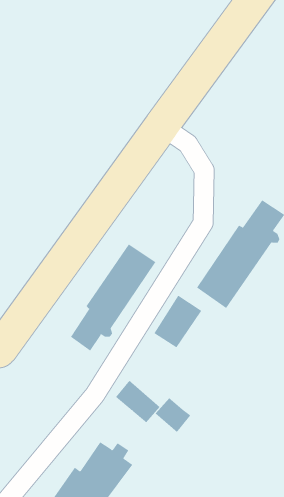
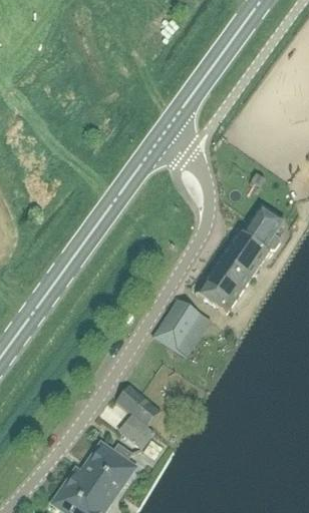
building: [70,244,156,351] -> none
building: [155,397,191,433] -> [119,415,156,450]

